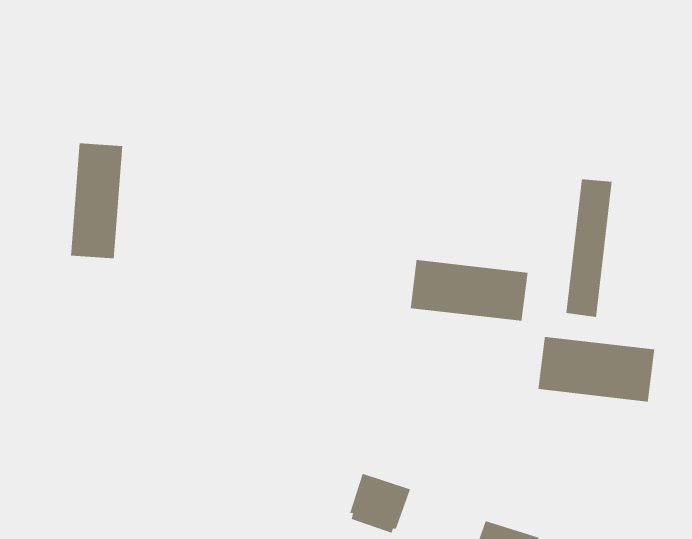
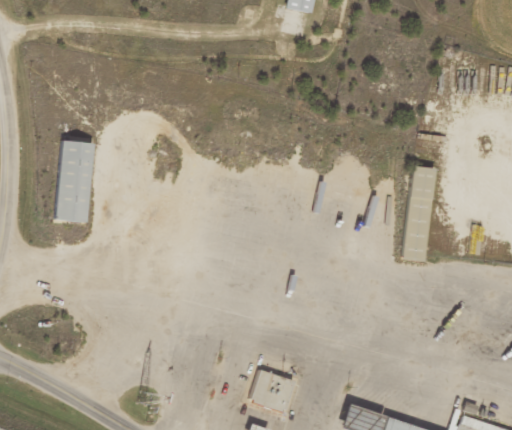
building: [410,259,528,322] -> none
building: [538,336,655,402] -> none

